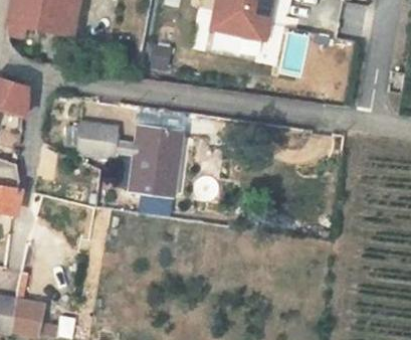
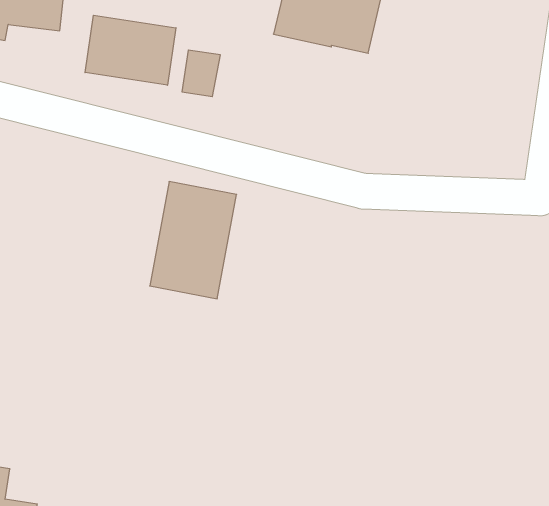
building: none -> [85,15,176,85]
building: [79,119,120,156] -> none

